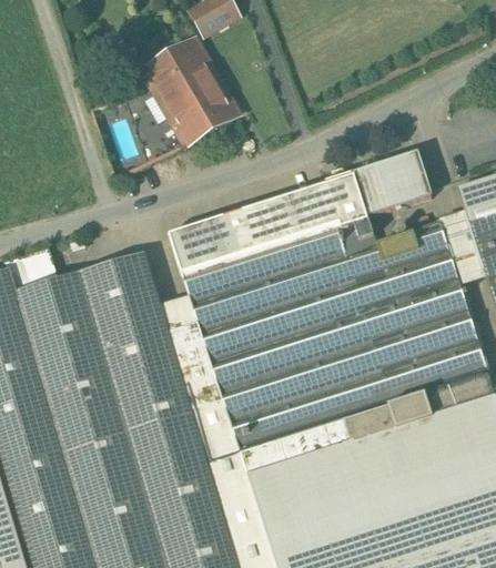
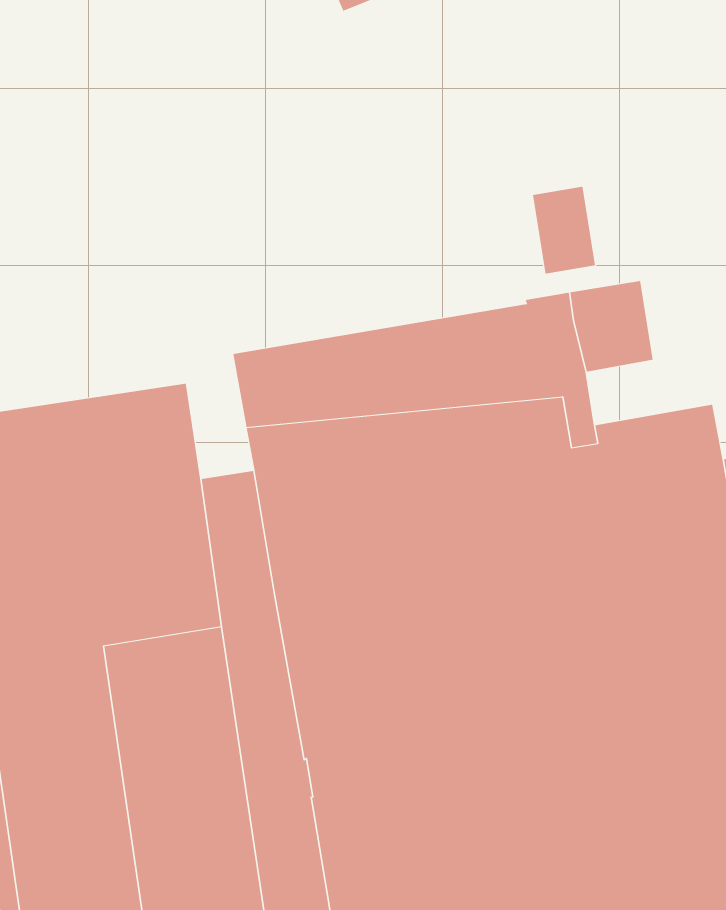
building: [143,42,239,148] -> none
building: [391,154,432,206] -> [532,186,596,274]

